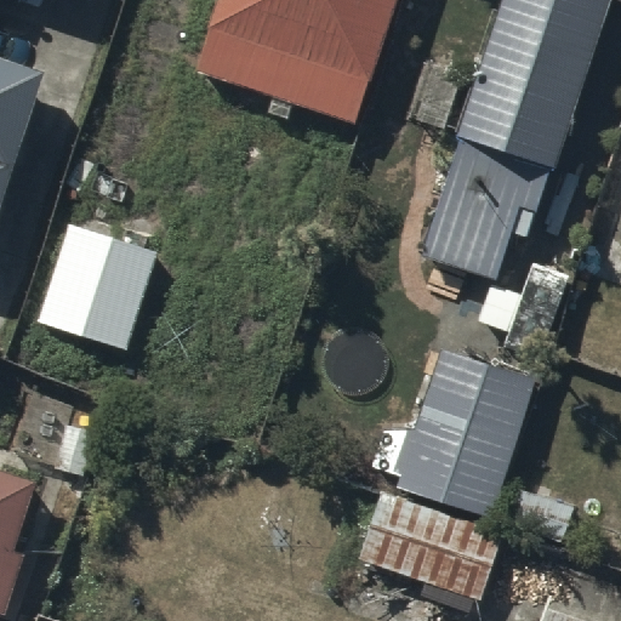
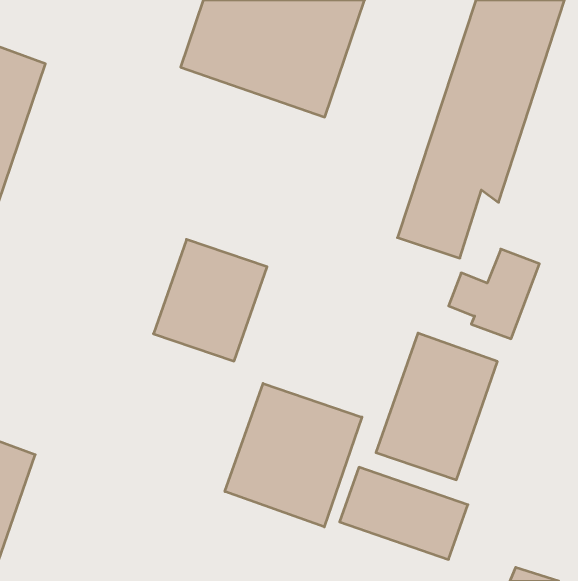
building: [36,221,158,351] -> [153,239,267,361]
building: none -> [225,383,362,527]

